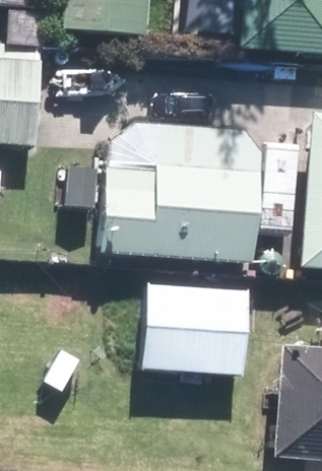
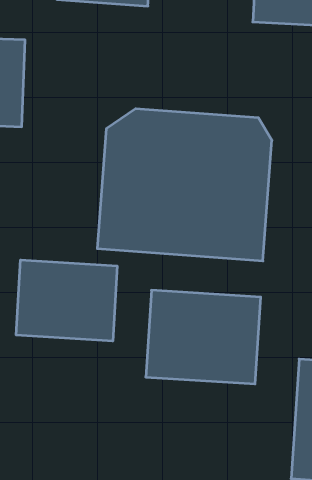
building: none -> [16,260,117,341]

